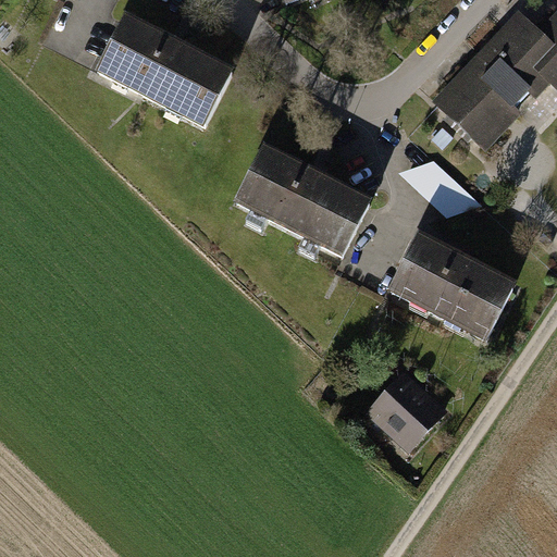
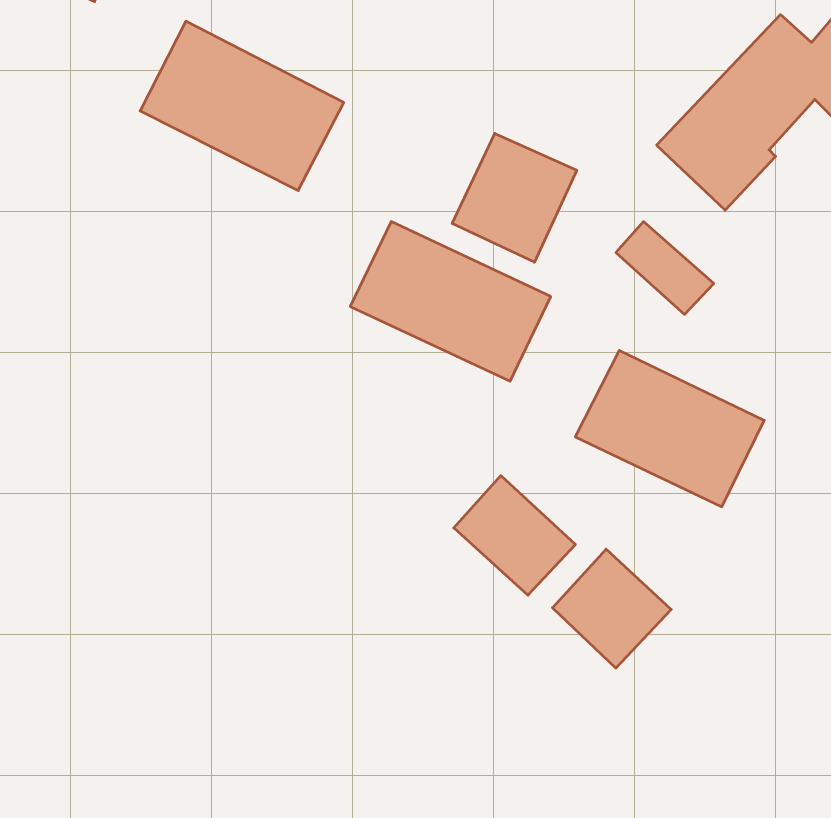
building: none -> [452,133,577,262]
building: none -> [454,476,575,595]

